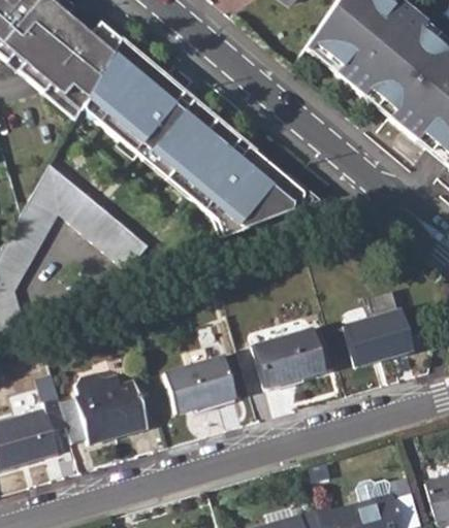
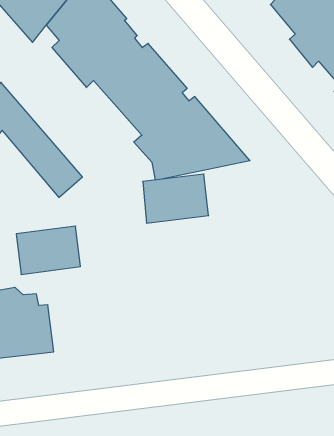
building: [343,309,412,367] -> none
building: [252,328,324,387] -> [143,174,209,223]
building: [164,356,234,414] -> [16,226,80,274]

